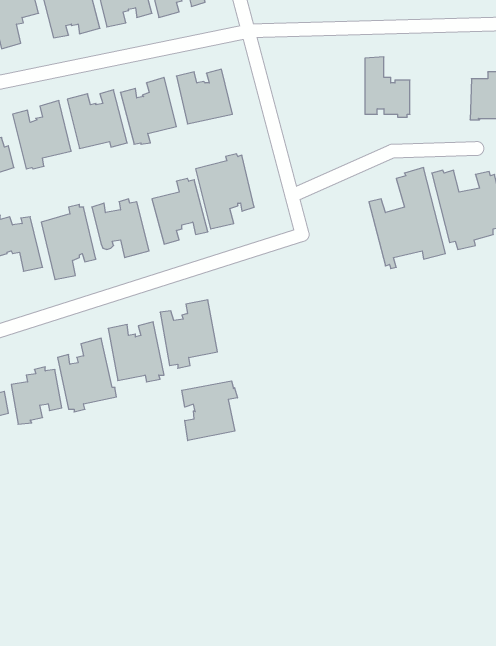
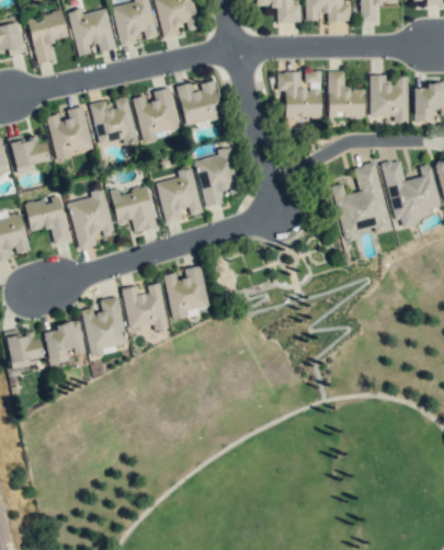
building: none -> [278,72,321,119]
building: none -> [371,76,408,123]
building: [182,381,237,441] -> none

